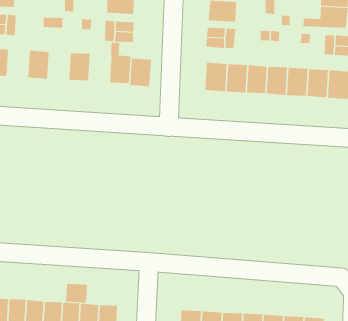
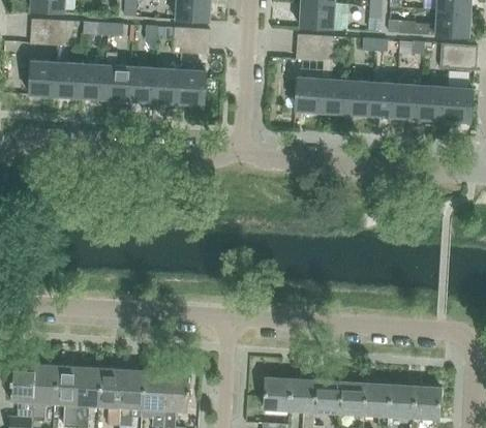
building: none -> [104,53,131,99]
building: none -> [55,62,82,96]
building: [130,58,152,87] -> [154,67,181,102]
building: [65,283,87,303] -> none

